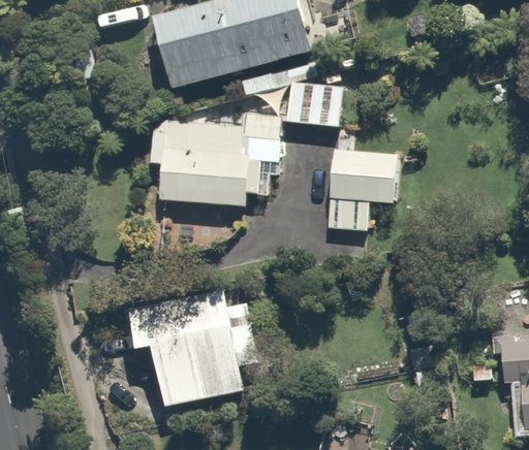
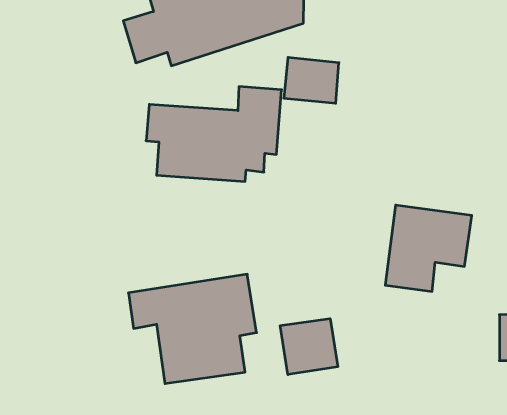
building: [323,146,409,231] -> [385,205,472,291]
building: none -> [280,319,338,375]

